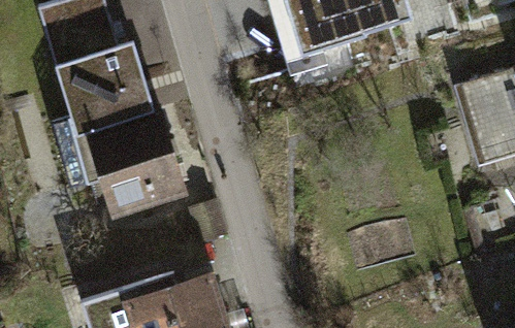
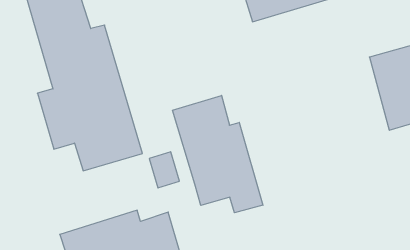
building: none -> [173,95,263,213]

